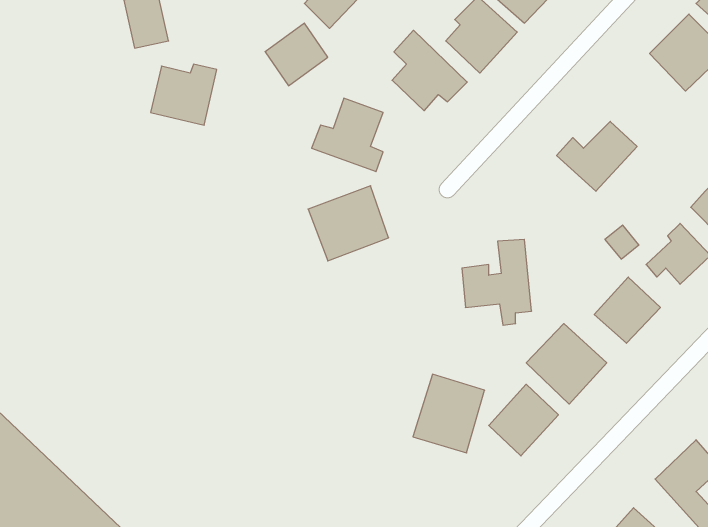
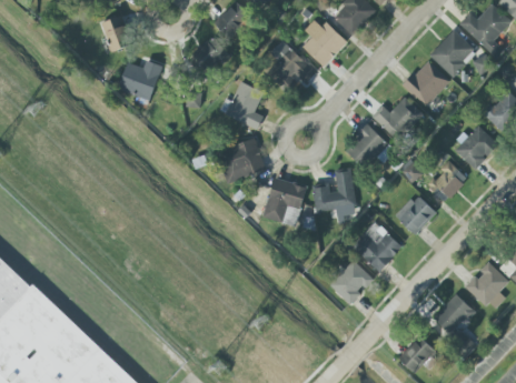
building: none -> [403,60,450,107]
building: none -> [346,123,388,168]
building: [413,374,485,453] -> [262,178,307,226]

